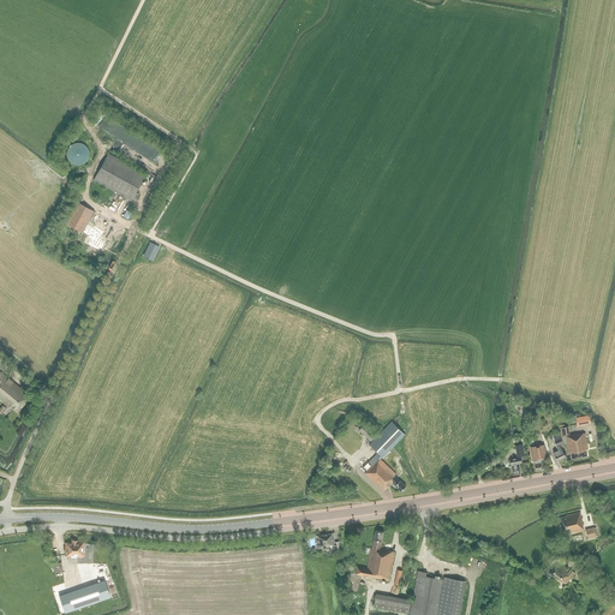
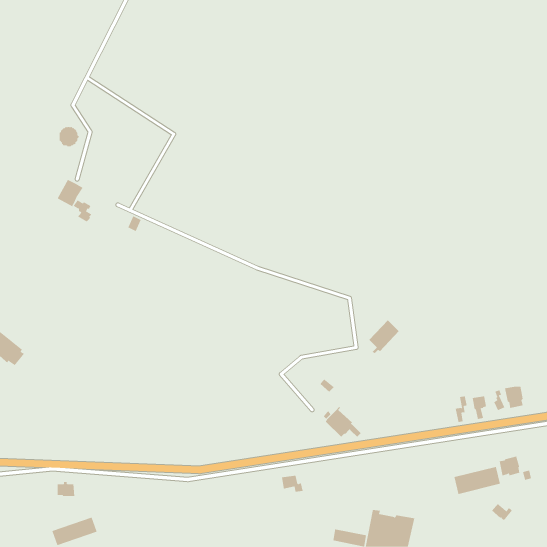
building: [92,153,144,202] -> none
building: [369,420,404,459] -> [368,320,400,354]
building: none -> [454,466,500,495]
building: [354,529,394,579] -> none

